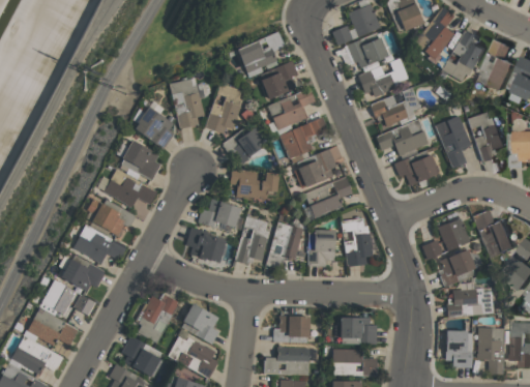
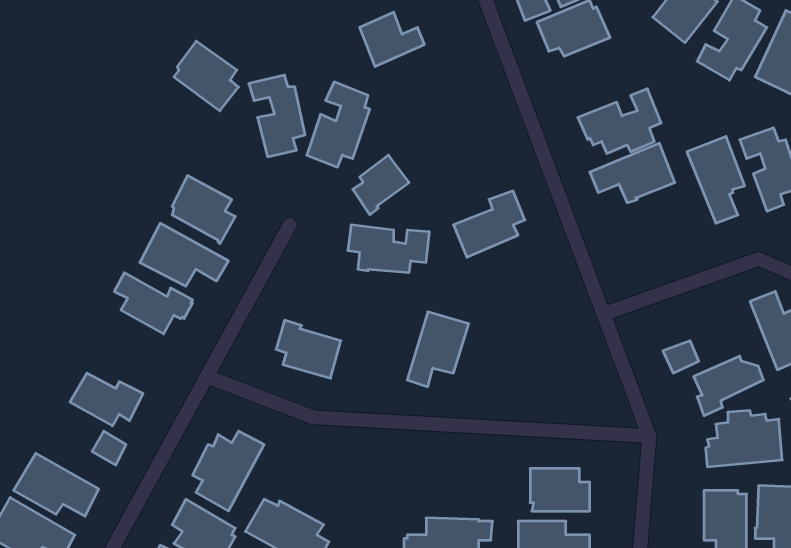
building: [358,58,409,97] -> none
building: [261,61,298,99] -> none
building: [267,88,315,130] -> none
building: [136,107,175,149] -> [174,41,239,111]
building: [279,118,328,163] -> none
building: [394,155,438,186] -> none
building: [305,177,353,218] -> none
building: [198,199,241,228] -> none
building: [235,216,270,265] -> none
building: [342,218,374,267] -> none
building: [438,218,471,251] -> none
building: [73,225,127,264] -> none
building: [308,230,335,267] -> none
building: [40,279,77,315] -> none
building: [183,303,219,345] -> none
building: [273,317,310,343] -> none

